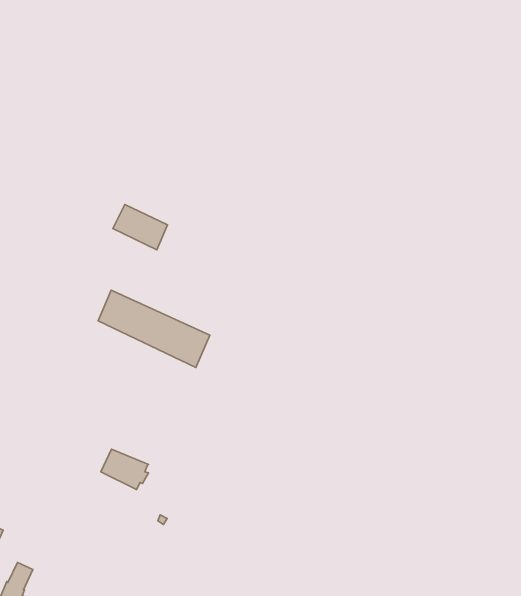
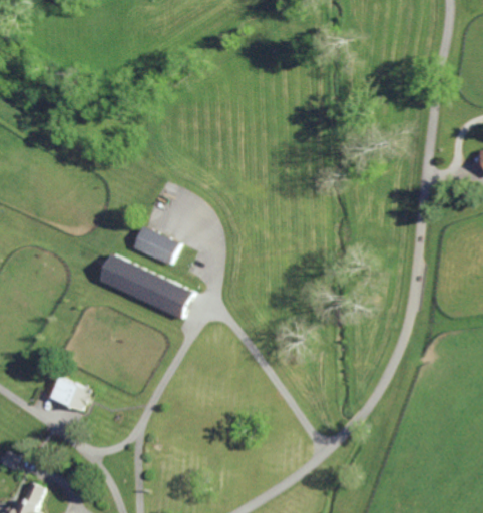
building: [113,205,168,250] -> [132,225,178,264]
building: [101,449,148,490] -> [48,378,88,412]

